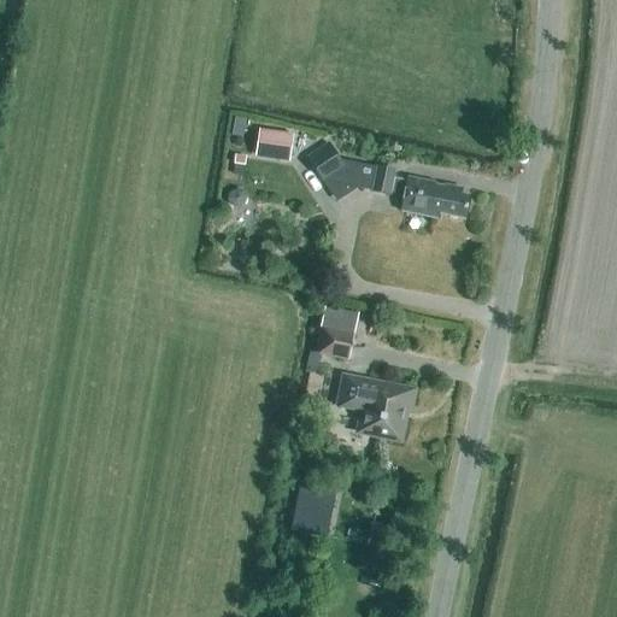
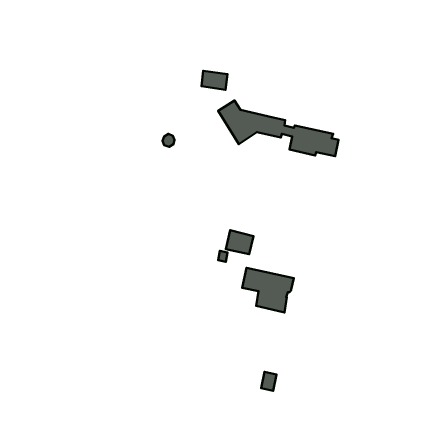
building: [254,128,290,154] -> [202,71,227,90]
building: [292,488,334,537] -> none

